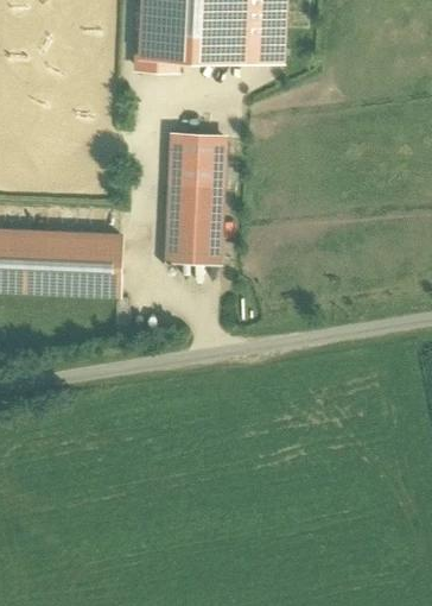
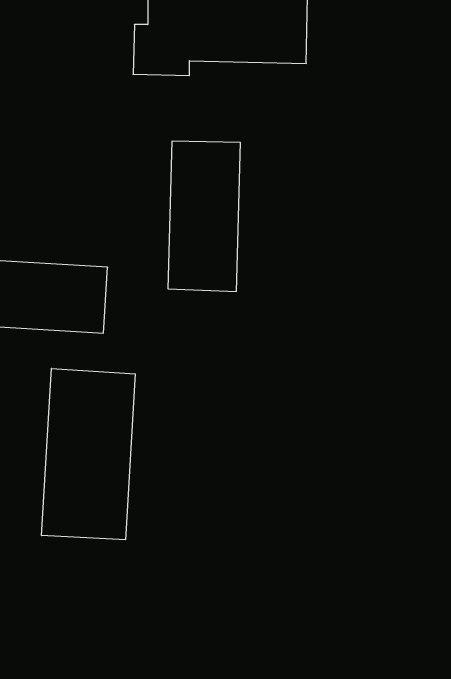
building: none -> [42,368,135,540]

